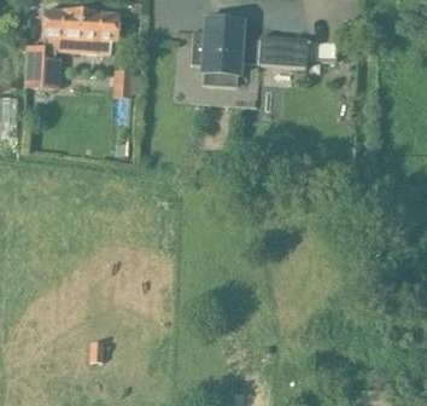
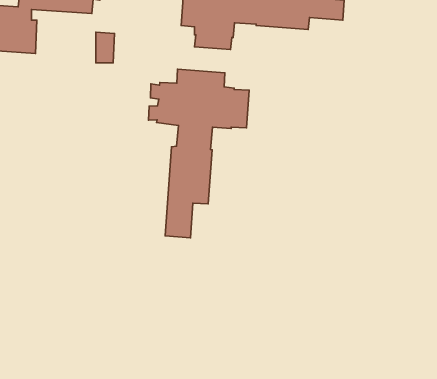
building: none -> [148,69,249,238]

